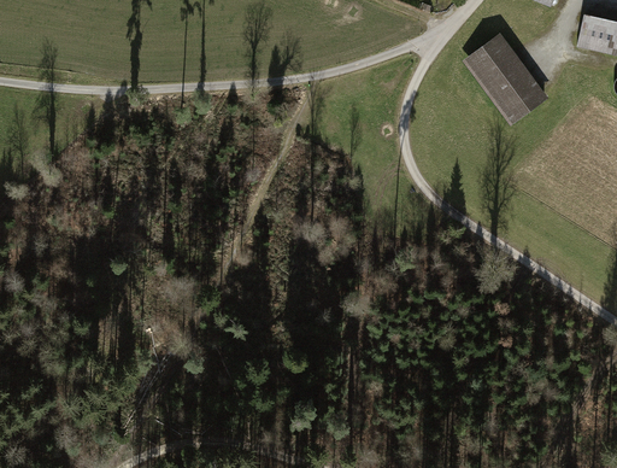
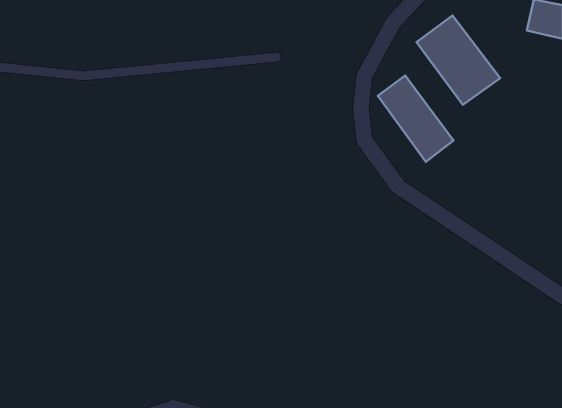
building: none -> [378,75,454,162]

